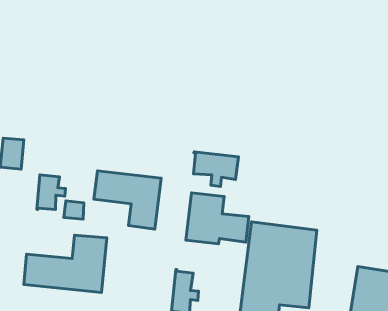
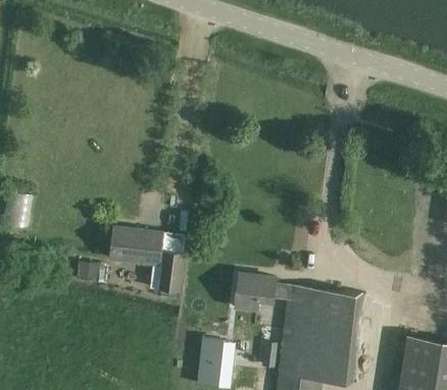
building: [193,152,238,187] -> none
building: [37,175,66,210] -> none
building: [24,235,107,293] -> none

